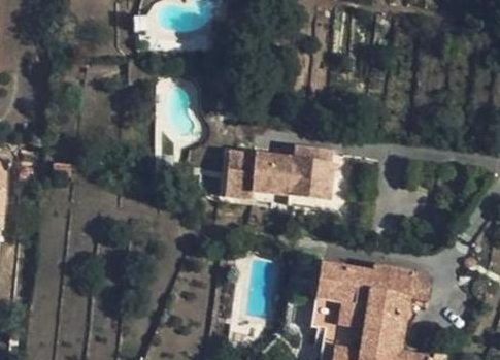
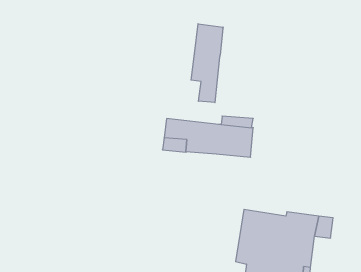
building: none -> [191,24,223,103]

